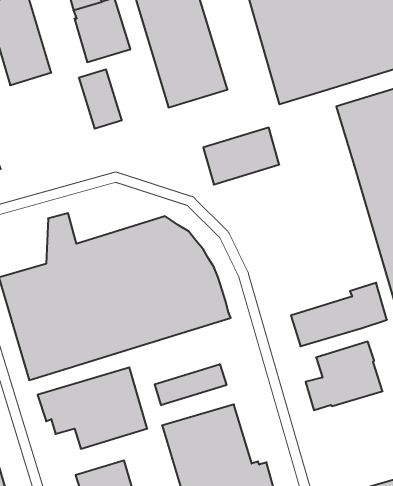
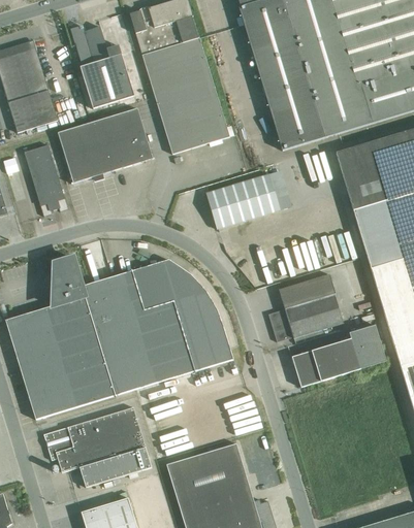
building: none -> [112,108,154,166]
building: none -> [58,125,100,183]
building: none -> [25,144,68,217]
building: [306,342,383,410] -> [268,274,344,341]
building: [155,364,226,405] -> none

